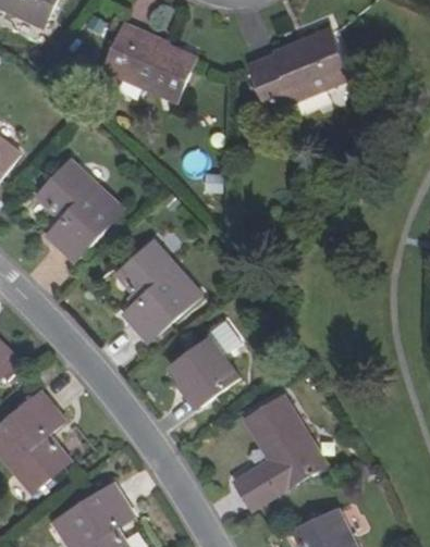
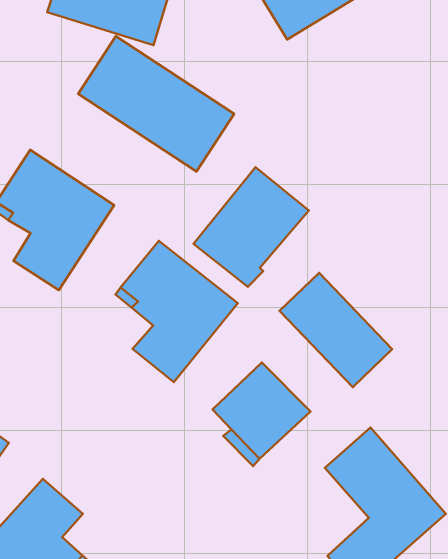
building: none -> [78,36,234,172]
building: none -> [193,167,309,287]
building: none -> [280,273,392,387]

